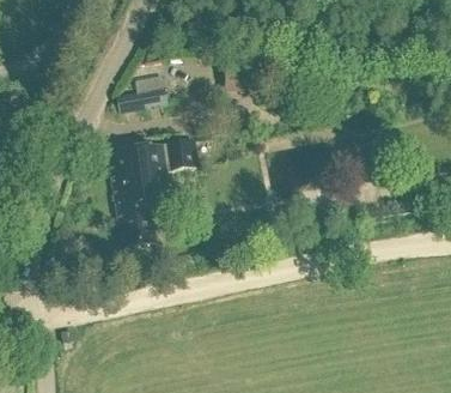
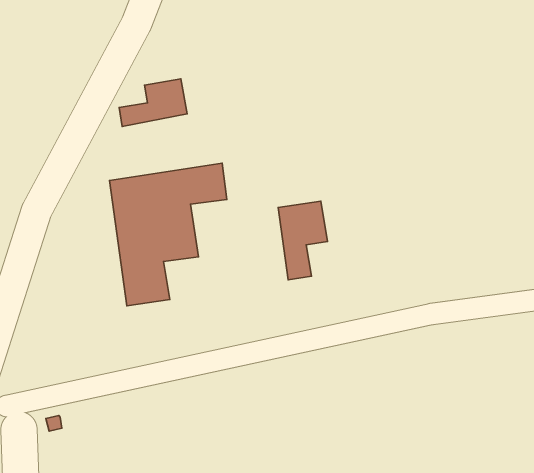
building: none -> [278,201,327,280]

